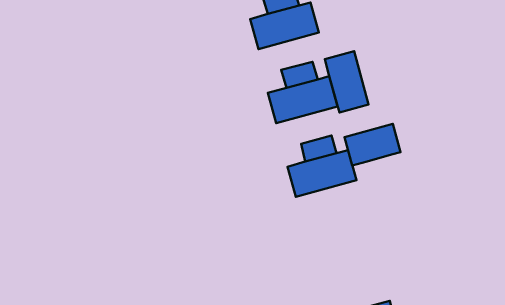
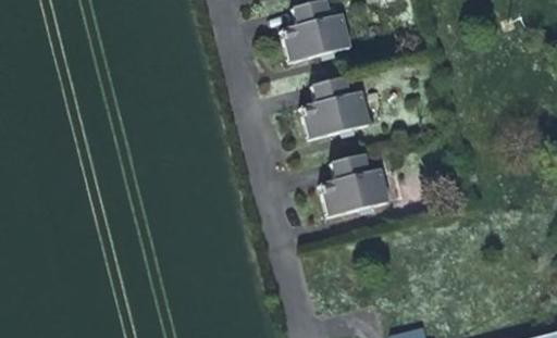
building: [325,51,369,112] -> none
building: [345,124,401,165] -> none

